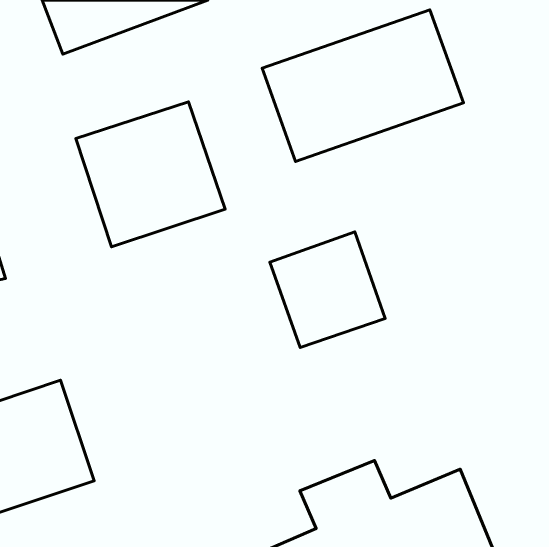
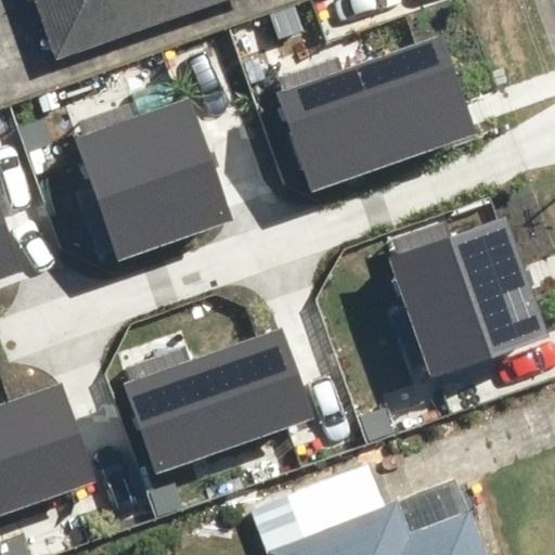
building: none -> [389,225,538,371]
building: [270,232,385,347] -> none
building: none -> [116,322,318,475]

